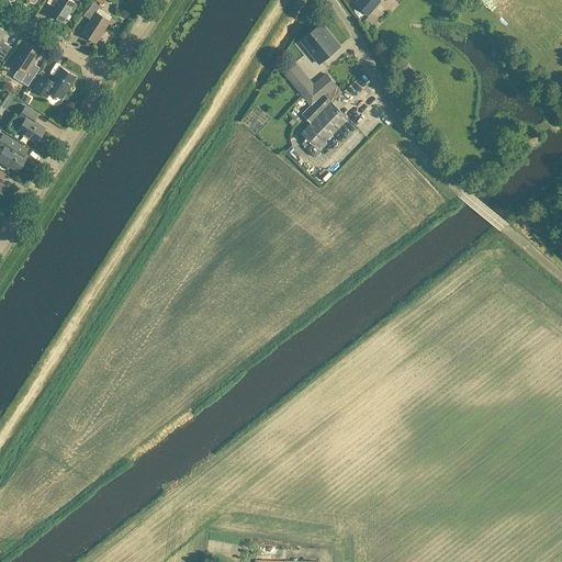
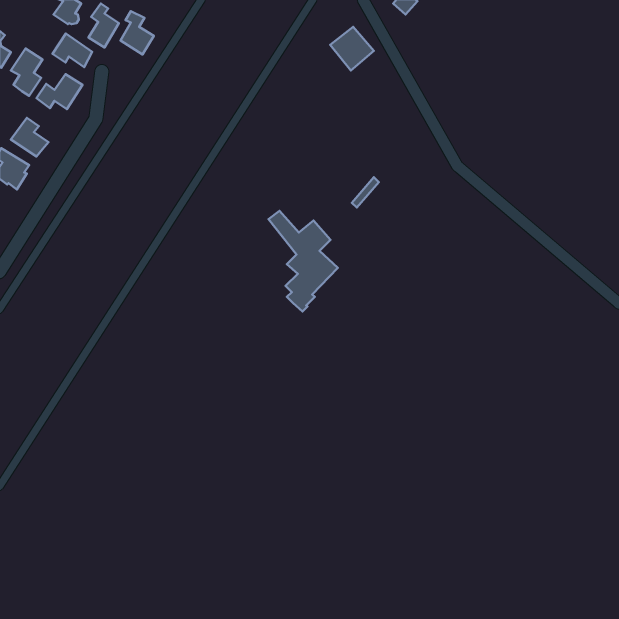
building: none -> [120,11,154,55]
building: none -> [52,33,92,67]
building: [284,66,347,157] -> [269,211,338,311]

